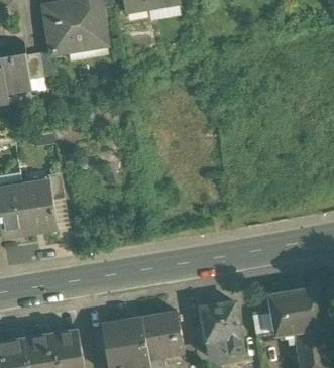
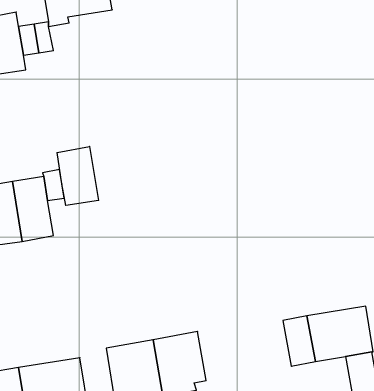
building: none -> [57,146,99,205]
building: [198,301,240,355] -> none

